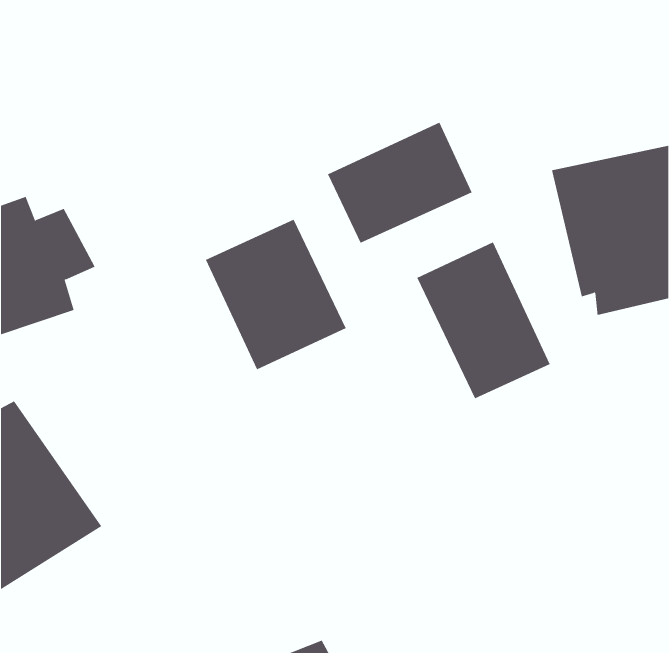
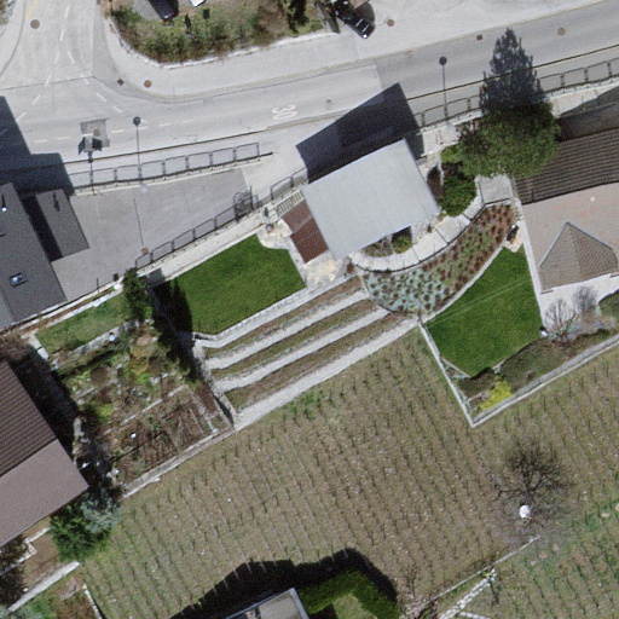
building: [205,219,347,370] -> none
building: [417,242,550,399] -> none

